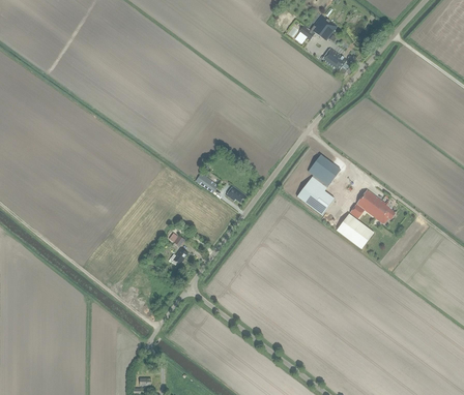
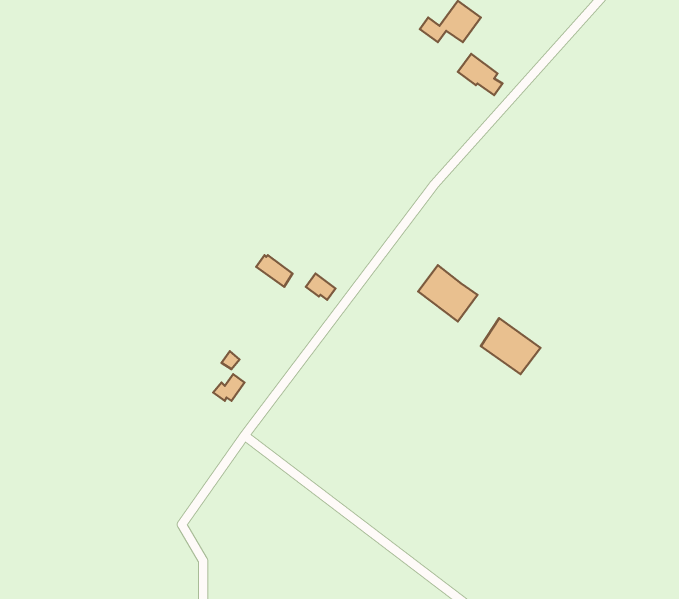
building: [311,154,341,183] -> none
building: [350,189,396,223] -> none

